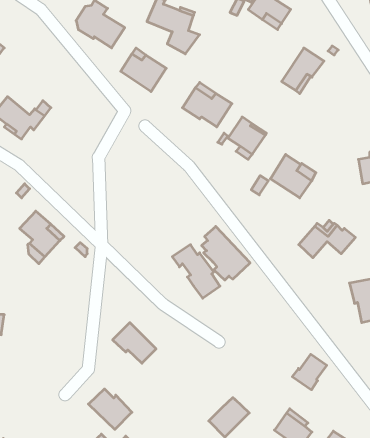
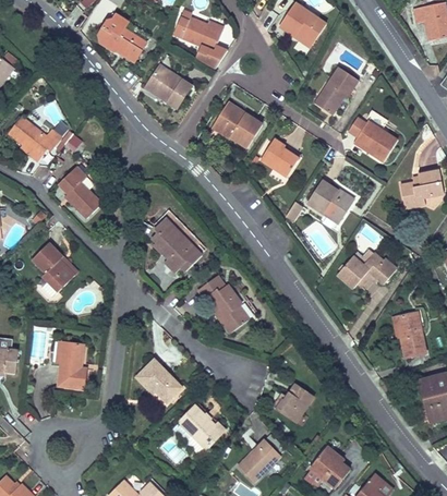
building: none -> [348,111,398,162]
building: none -> [59,167,104,220]
building: [202,226,250,280] -> [150,218,203,276]
building: none -> [53,342,85,389]
building: [292,354,327,390] -> [277,385,314,423]
building: [88,389,132,429] -> [179,406,226,449]

